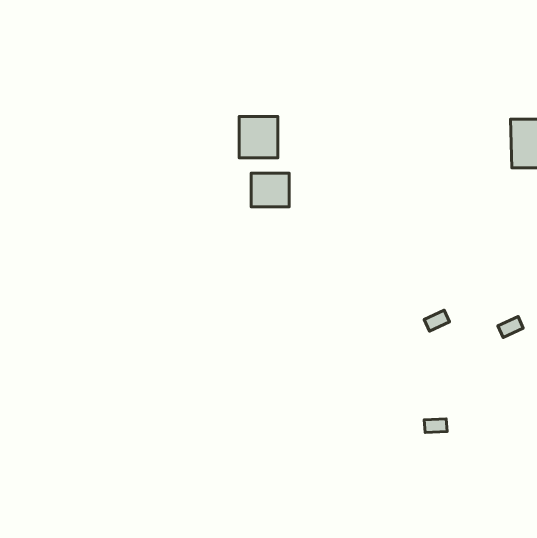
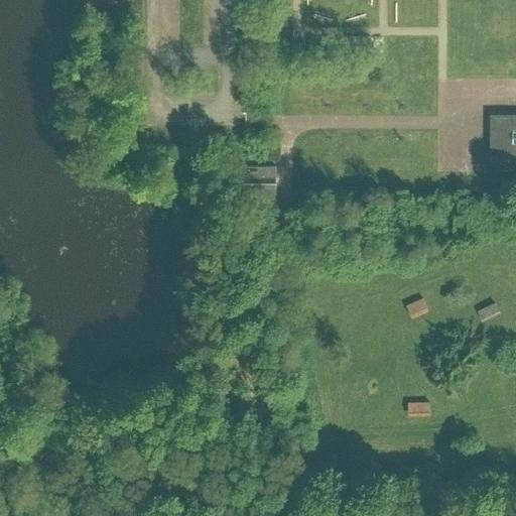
building: [239,116,278,158] -> none

